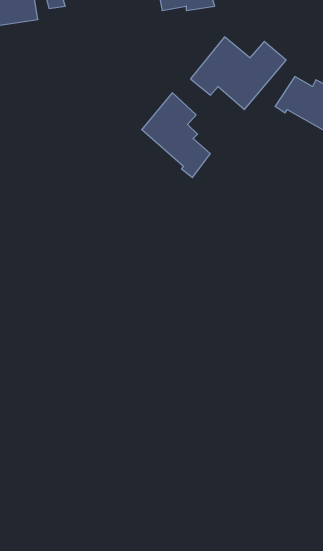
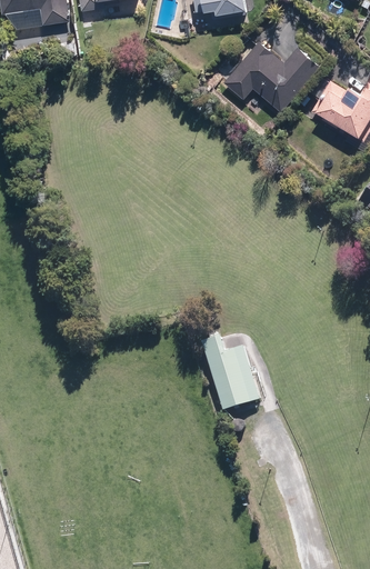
building: [142,93,210,178] -> none
building: none -> [202,332,262,410]

